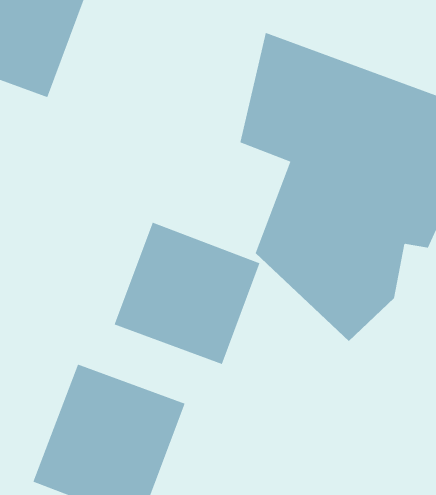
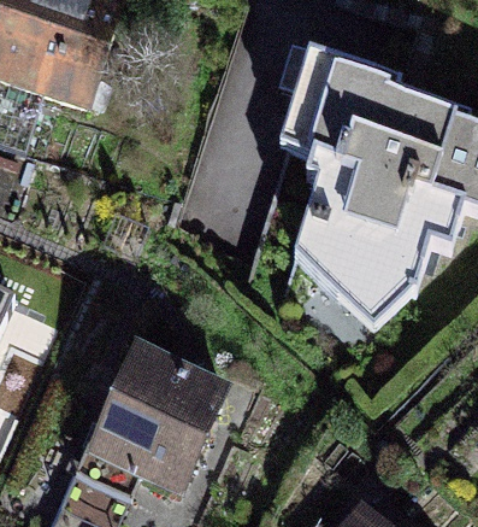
building: [114,222,260,365] -> none

